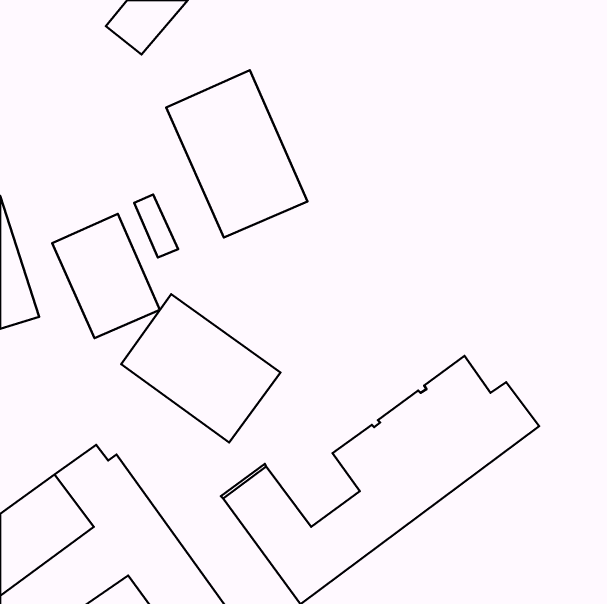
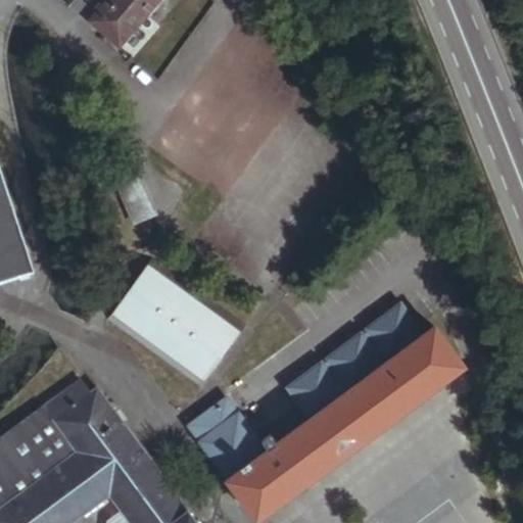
building: [166,70,307,238] -> none
building: [52,214,160,338] -> none

